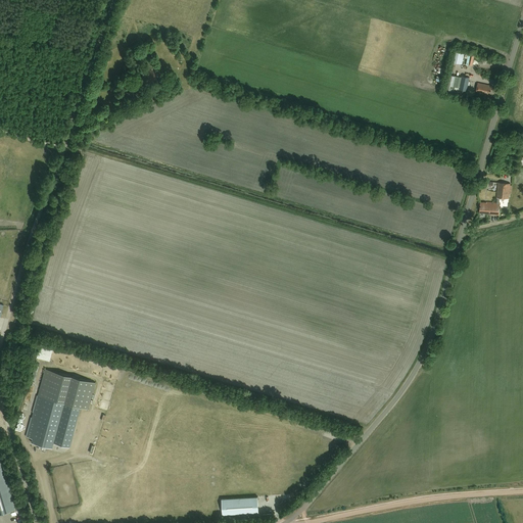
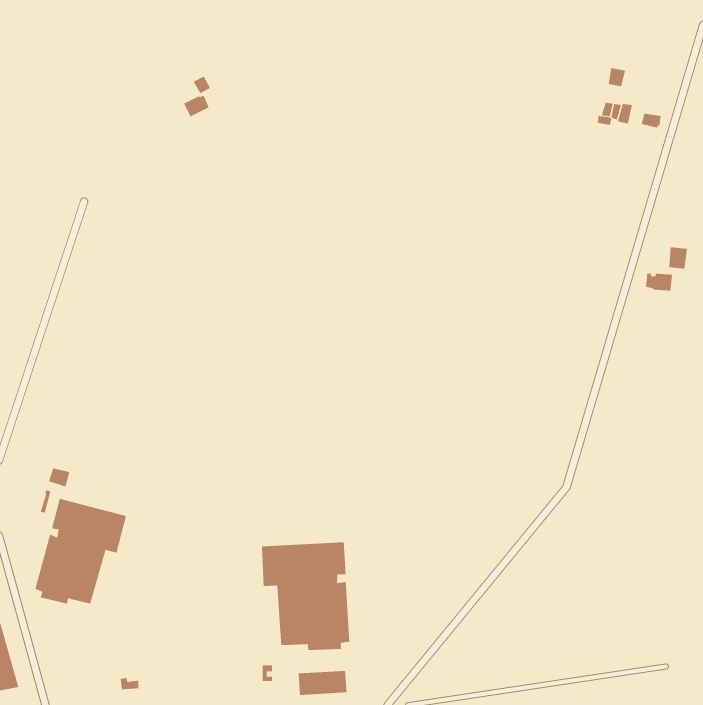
building: none -> [262,542,350,651]

